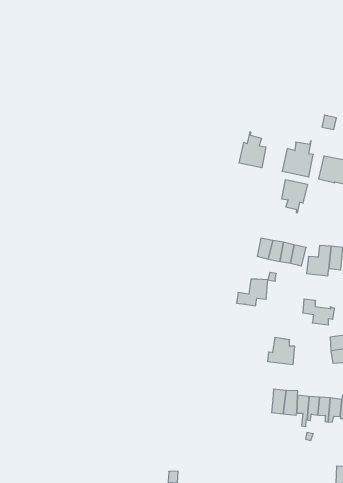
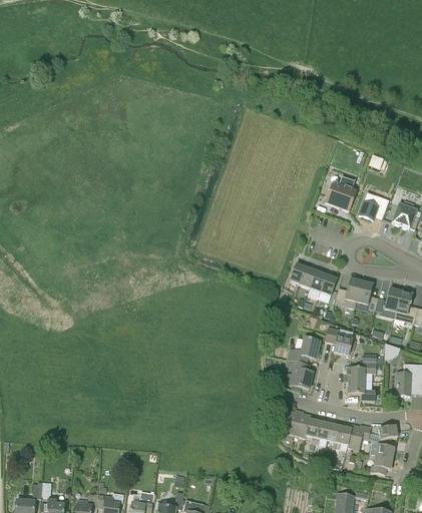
building: [239,132,266,168] -> none
building: [282,180,307,213] -> none
building: [236,279,268,306] -> [288,337,321,363]

